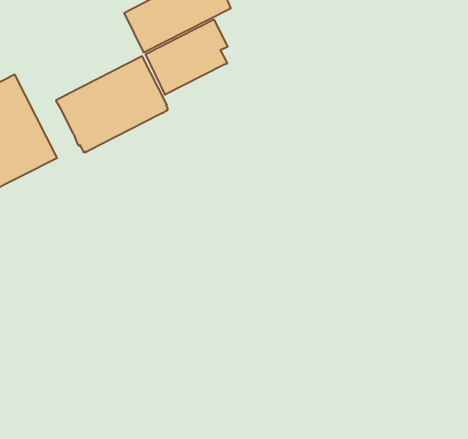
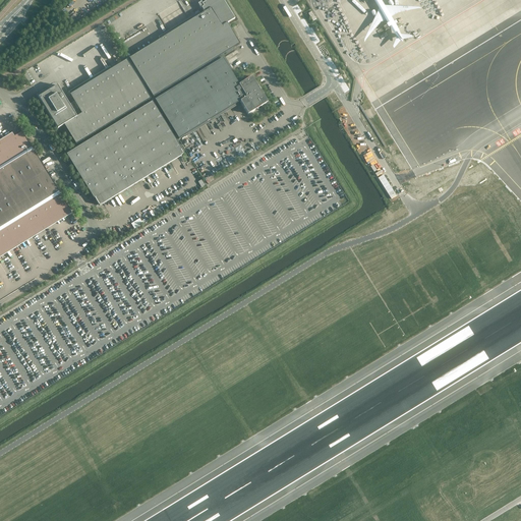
building: none -> [38,58,151,142]
building: none -> [232,74,268,112]

